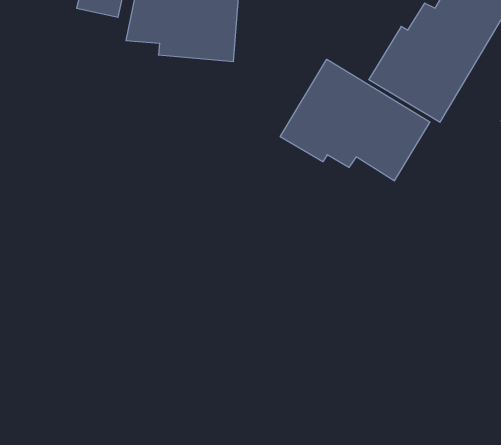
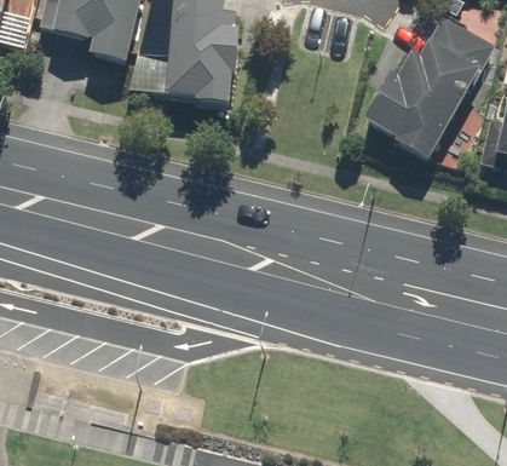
building: [280,59,430,181] -> none

